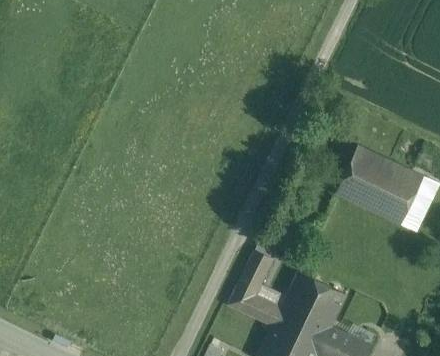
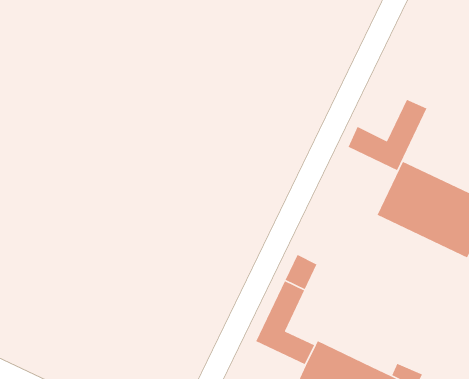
building: none -> [347,99,428,171]
building: [284,272,347,327] -> none

